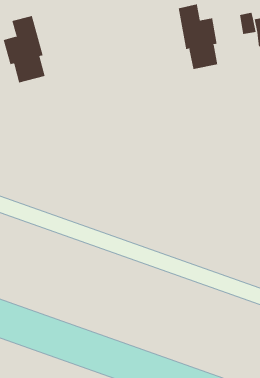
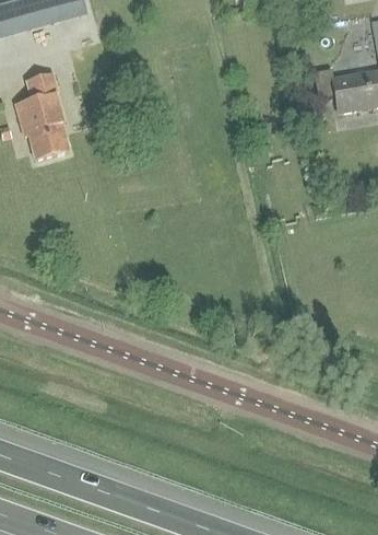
building: [178,4,218,70] -> none

